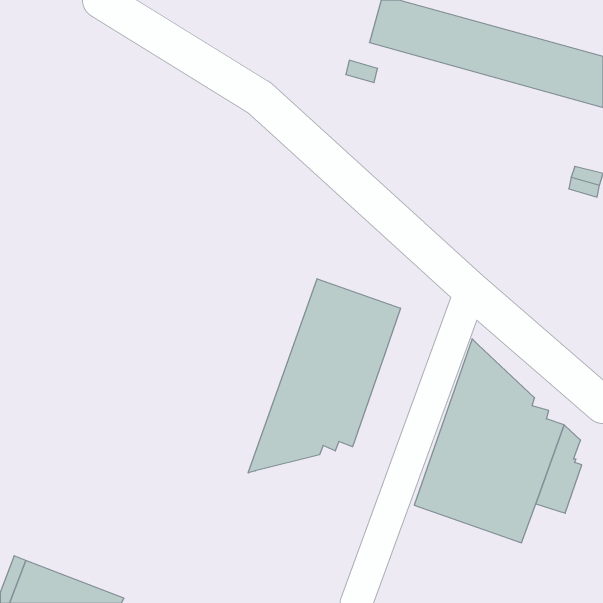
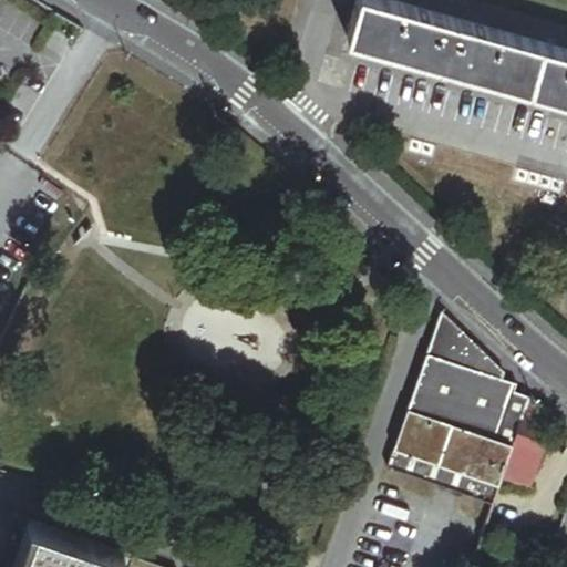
building: [248,279,400,473] -> none

